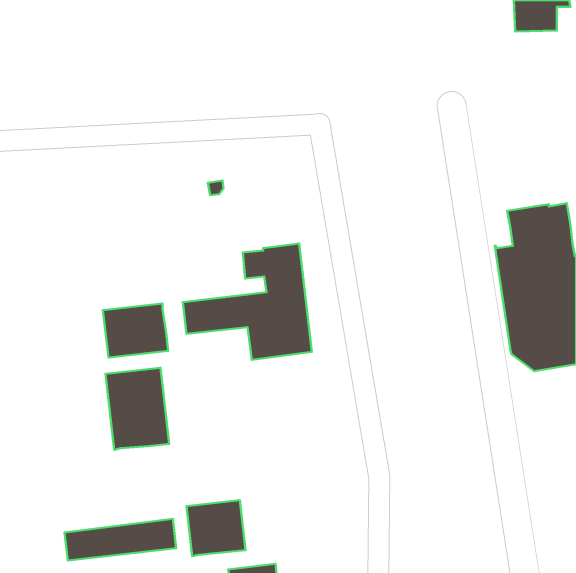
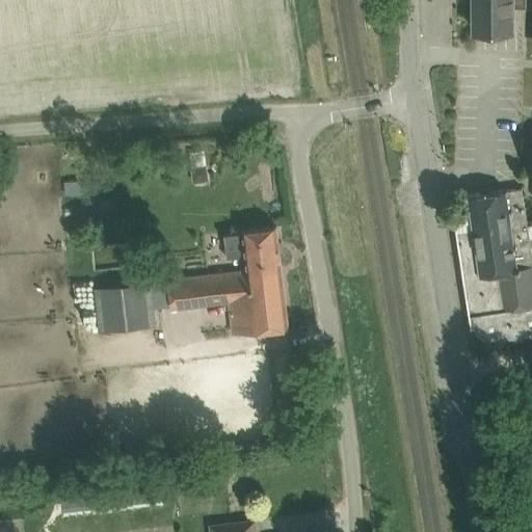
building: [105,368,169,450] -> none
building: [186,500,245,556] -> none

